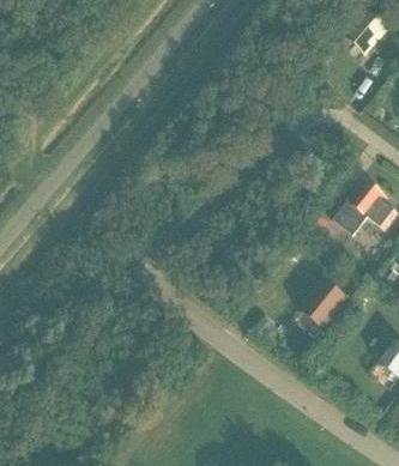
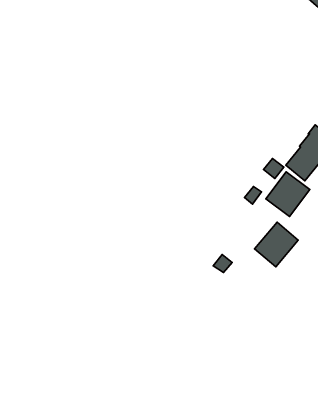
building: none -> [266,172,310,216]

